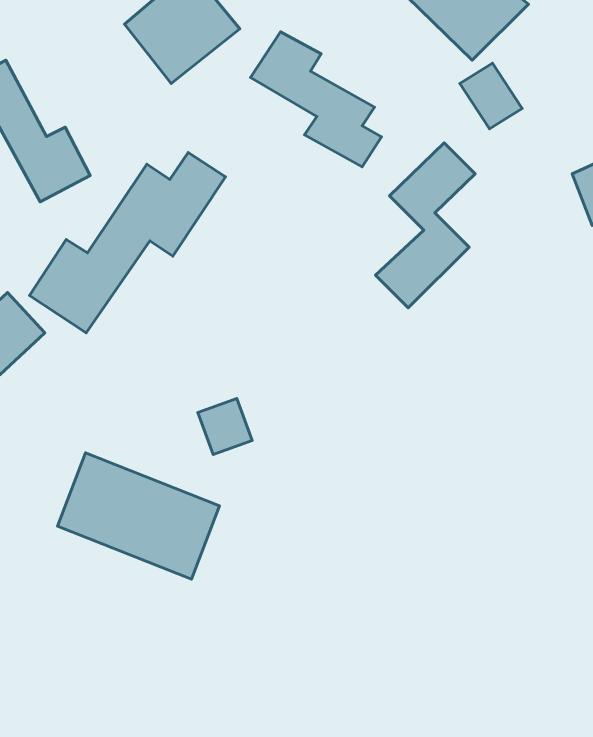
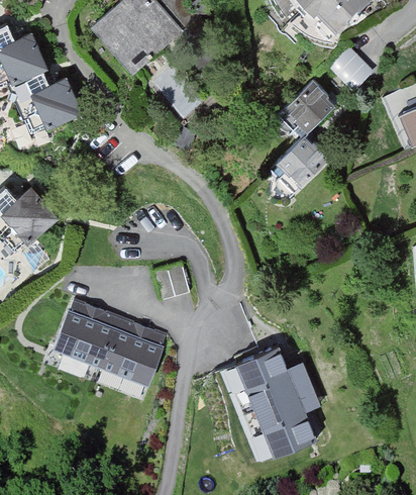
building: [250,32,382,167] -> none
building: [29,153,225,333] -> none
building: none -> [237,349,320,458]

